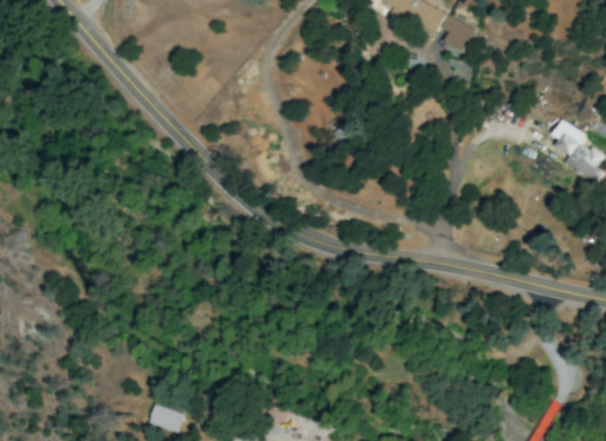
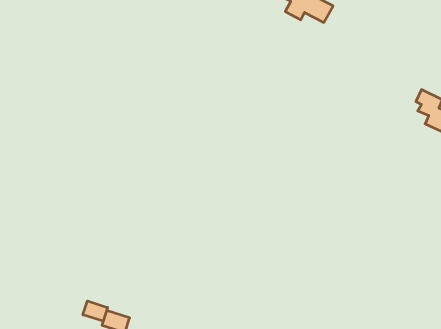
building: [440,14,472,50] -> none
building: none -> [83,301,108,321]

